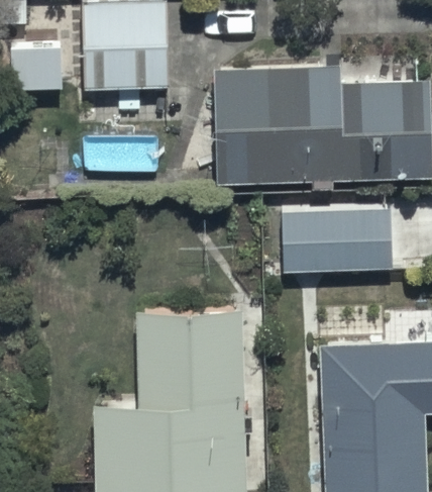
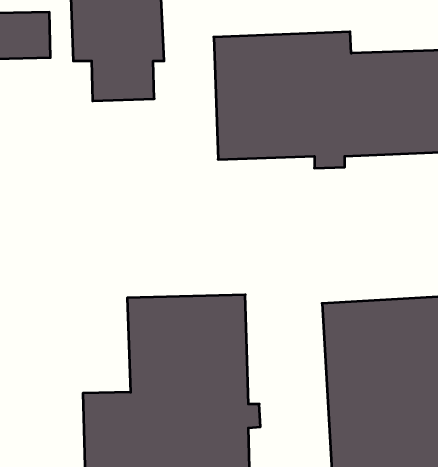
building: [285,211,395,275] -> none

